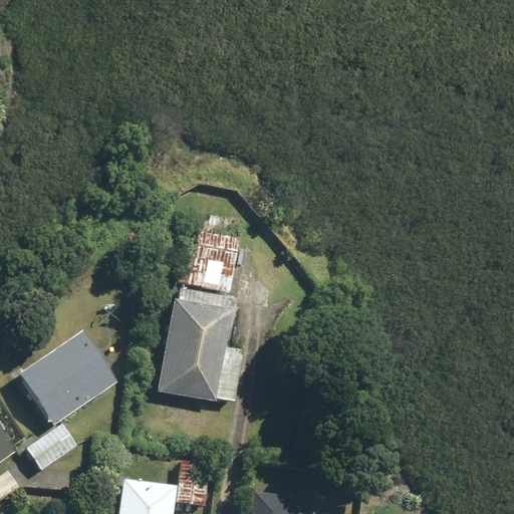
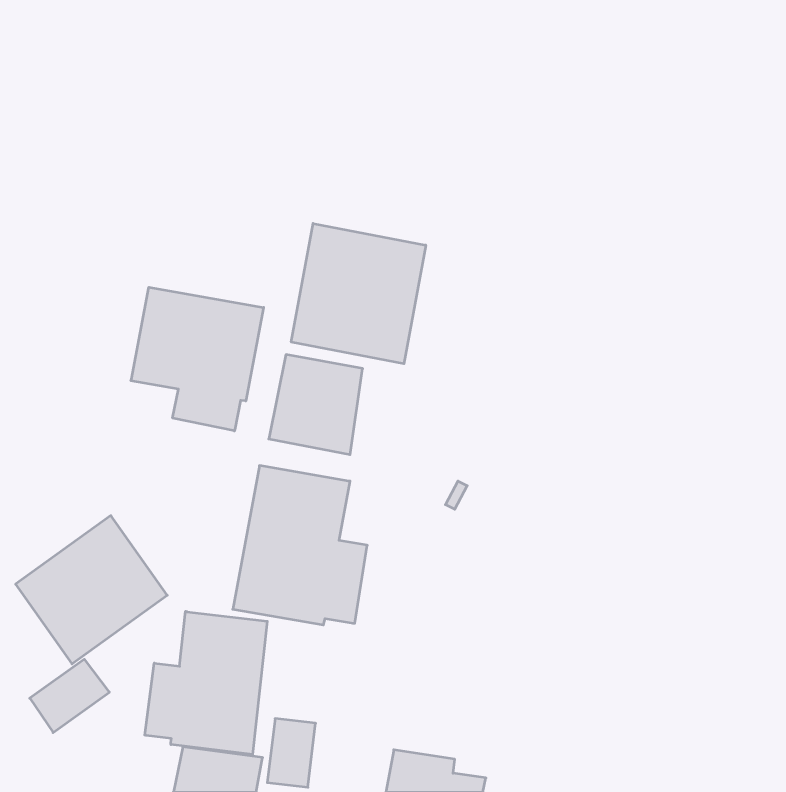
building: none -> [291,223,426,364]
building: none -> [131,287,264,431]
building: none -> [145,611,267,754]

